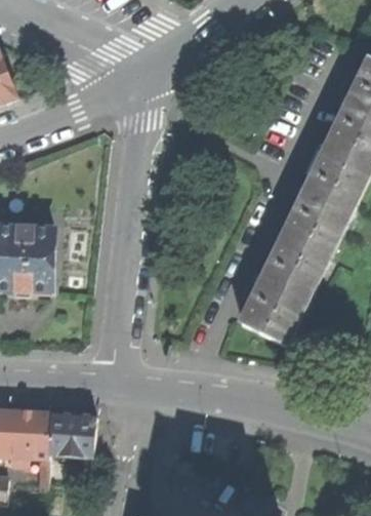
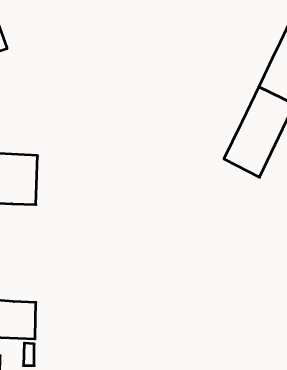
building: [244,233,330,343] -> none
building: [52,410,98,454] -> none

